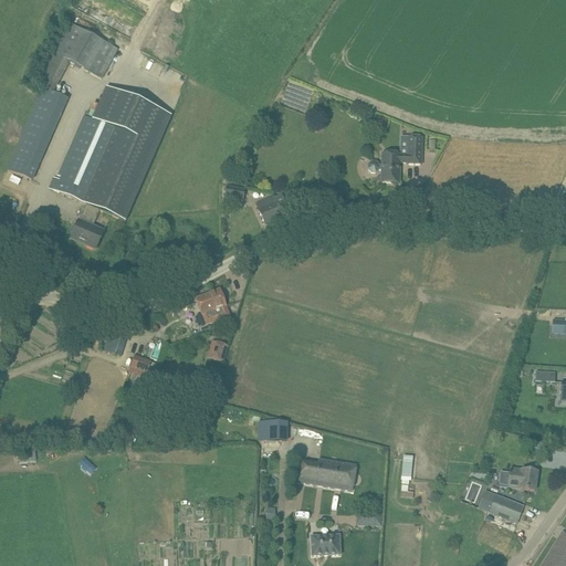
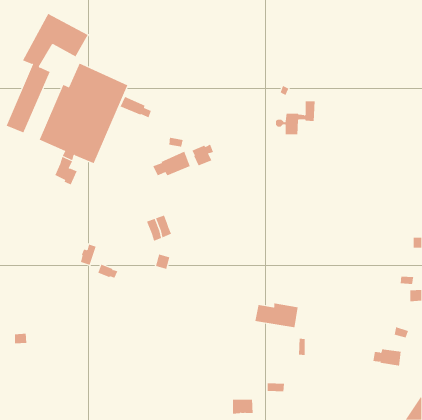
building: none -> [120,96,151,118]
building: none -> [153,151,191,176]
building: [260,420,287,439] -> none
building: [296,457,355,490] -> [255,303,298,328]
building: [479,490,524,521] -> none

